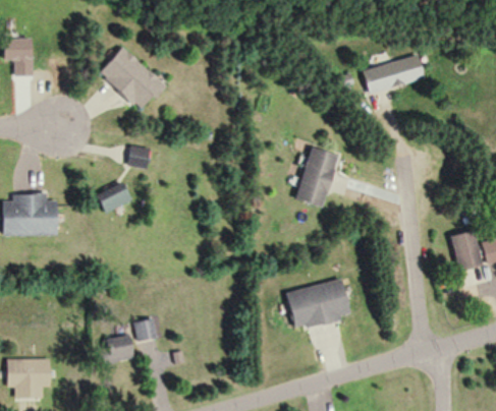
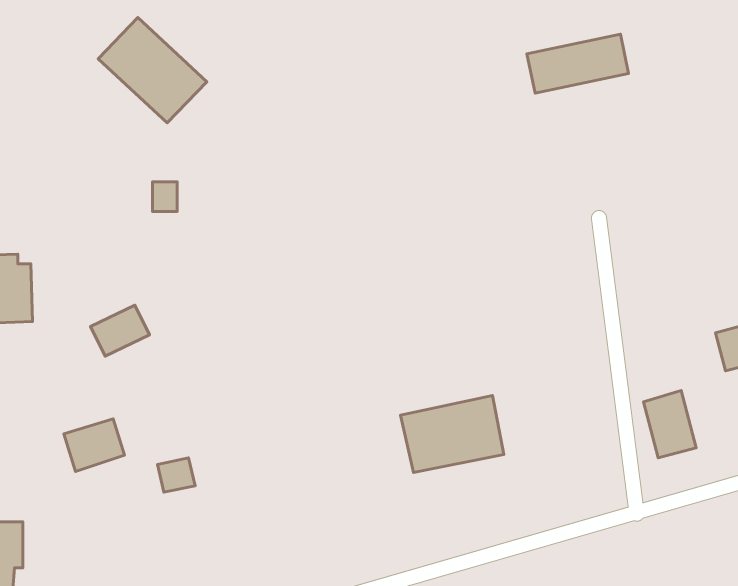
building: [297,146,337,208] -> none
building: [97,181,133,213] -> [90,305,150,356]
building: [449,229,482,271] -> [643,390,696,458]
building: [98,333,135,365] -> [64,419,125,472]

